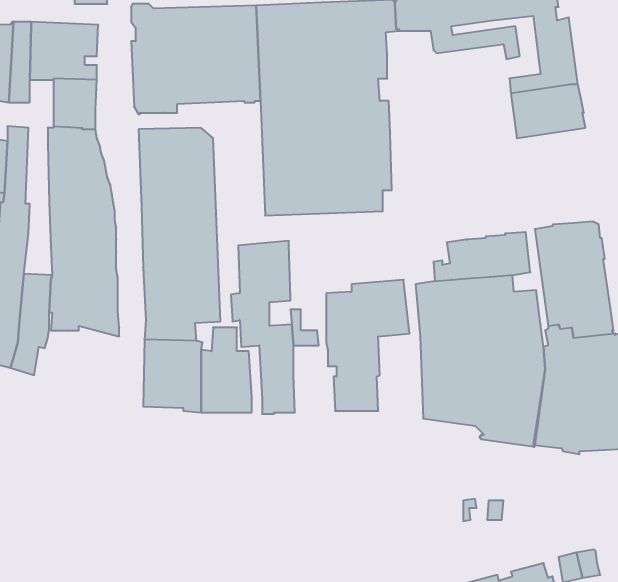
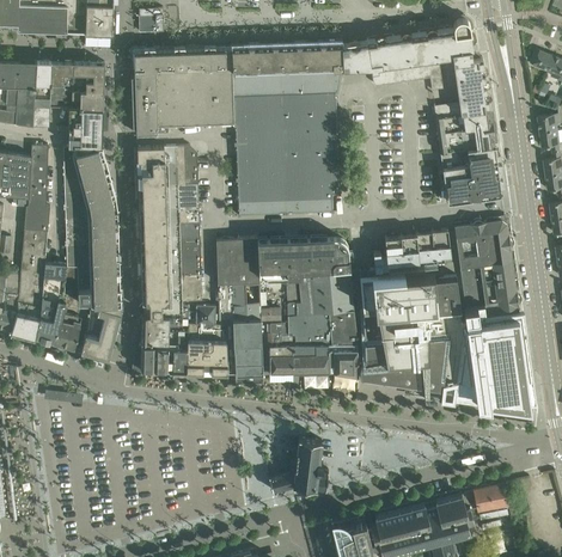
building: none -> [440,147,501,204]
building: none -> [257,239,349,281]
building: none -> [80,306,121,361]
building: none -> [328,312,358,388]
building: none -> [53,316,81,351]
building: none -> [268,325,295,375]
building: none -> [269,439,328,492]

